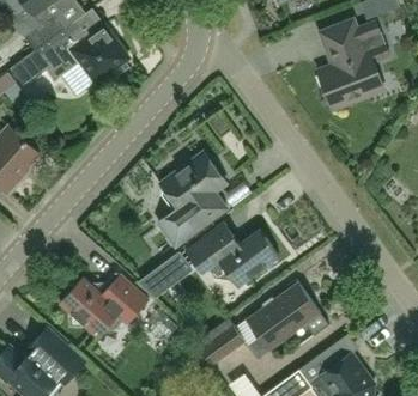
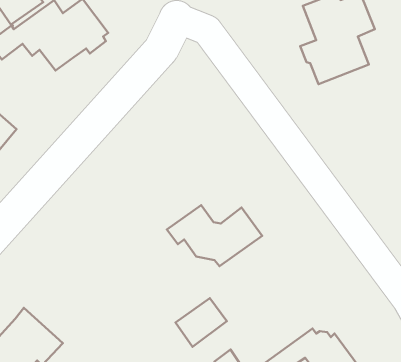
building: [158,151,226,245] -> none
building: [145,250,199,297] -> none
building: [59,272,147,336] -> none
building: [247,282,328,348] -> none

